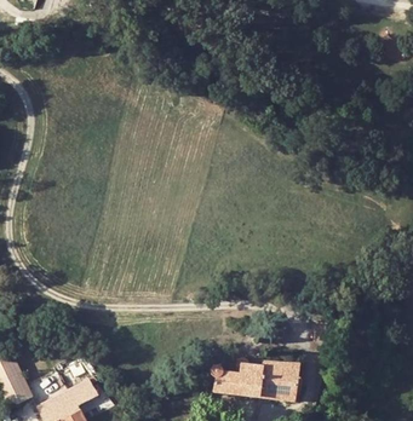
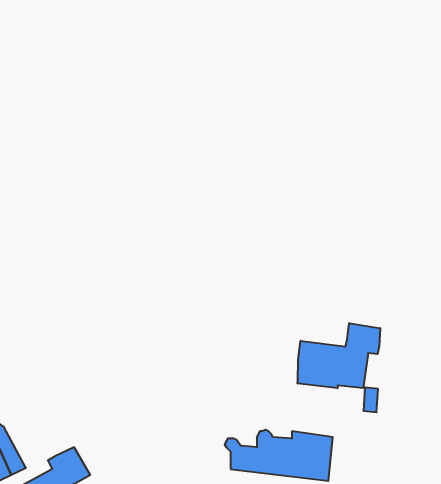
building: none -> [298,323,380,388]

